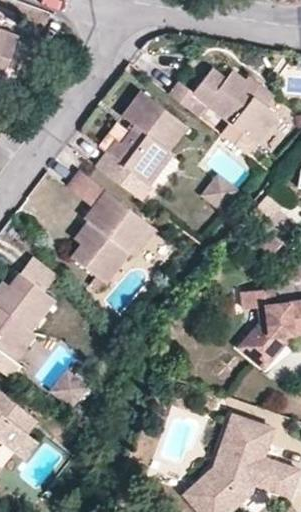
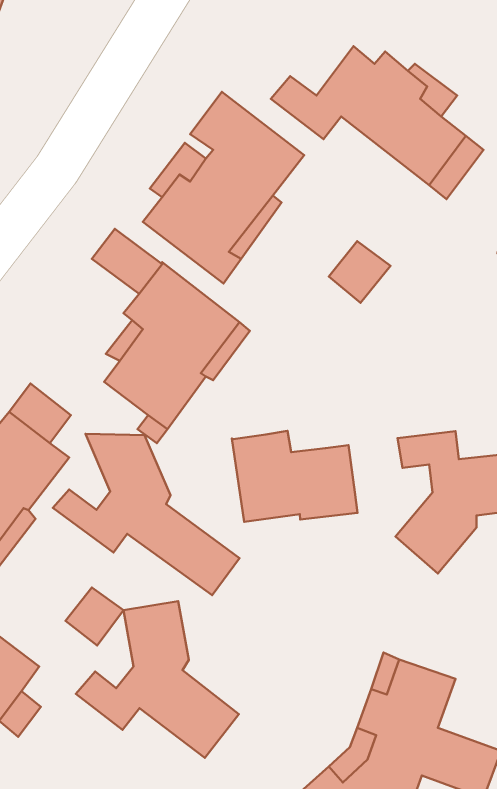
building: none -> [232,431,357,522]
building: none -> [53,434,239,595]
building: none -> [76,601,239,758]

